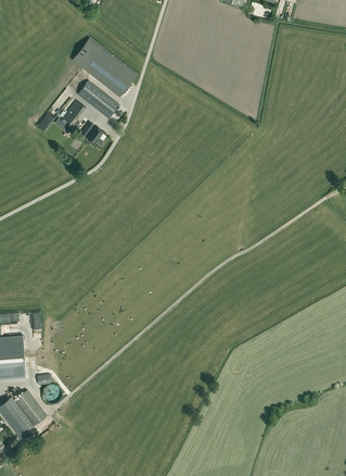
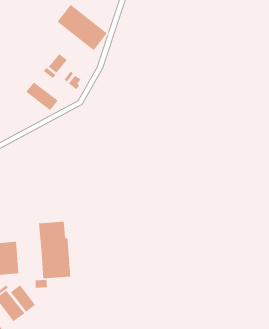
building: [77,80,119,117] -> [25,82,59,111]
building: none -> [38,221,71,279]

